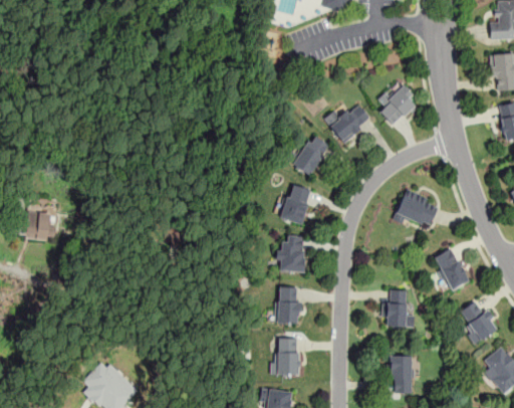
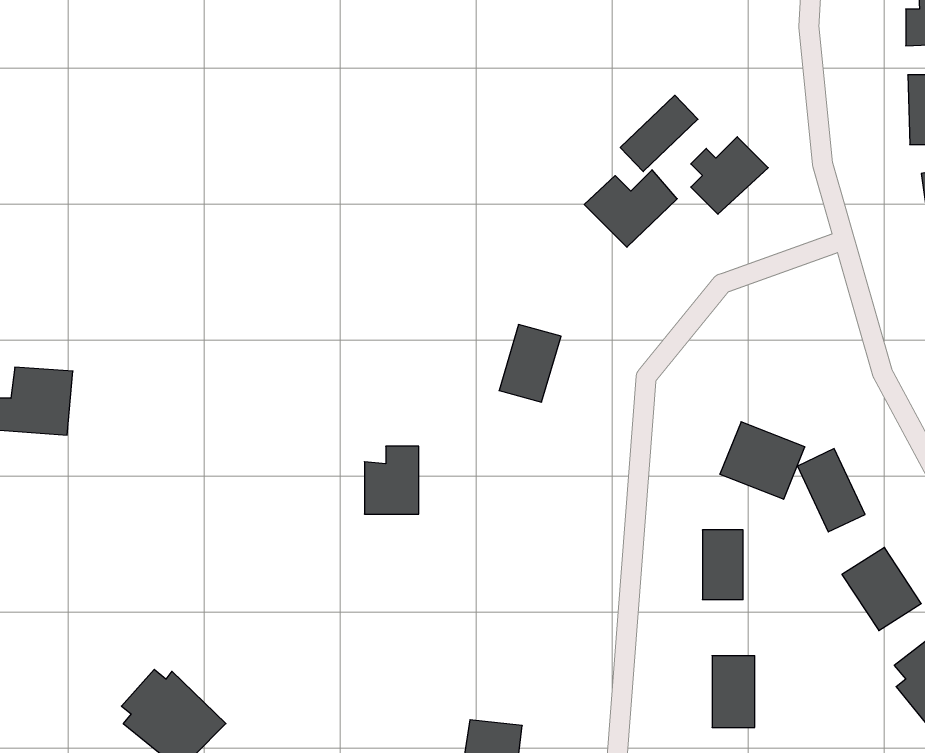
building: none -> [620,95,698,172]
building: [293,134,330,176] -> none
building: [396,190,440,230] -> [720,422,805,499]
building: [277,236,305,271] -> [364,446,419,514]
building: [277,287,301,324] -> none
building: [274,338,300,375] -> none

